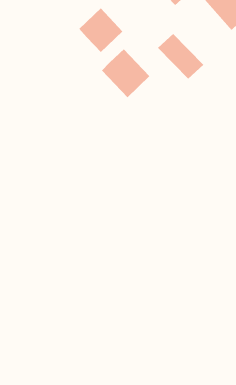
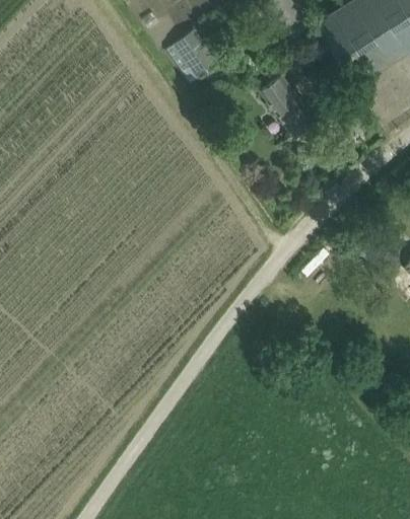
building: [101,48,150,98] -> none

